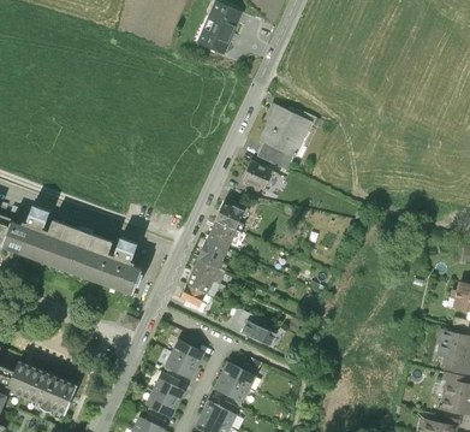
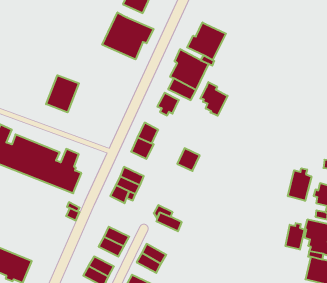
building: none -> [102,12,154,59]
building: none -> [187,22,226,60]
building: none -> [46,75,79,112]
building: none -> [200,82,228,116]
building: [198,239,228,270] -> [177,148,200,171]
building: none -> [288,168,311,201]
building: none -> [285,223,305,250]

